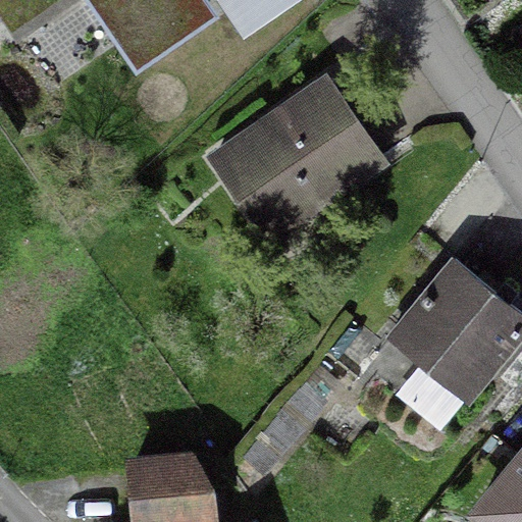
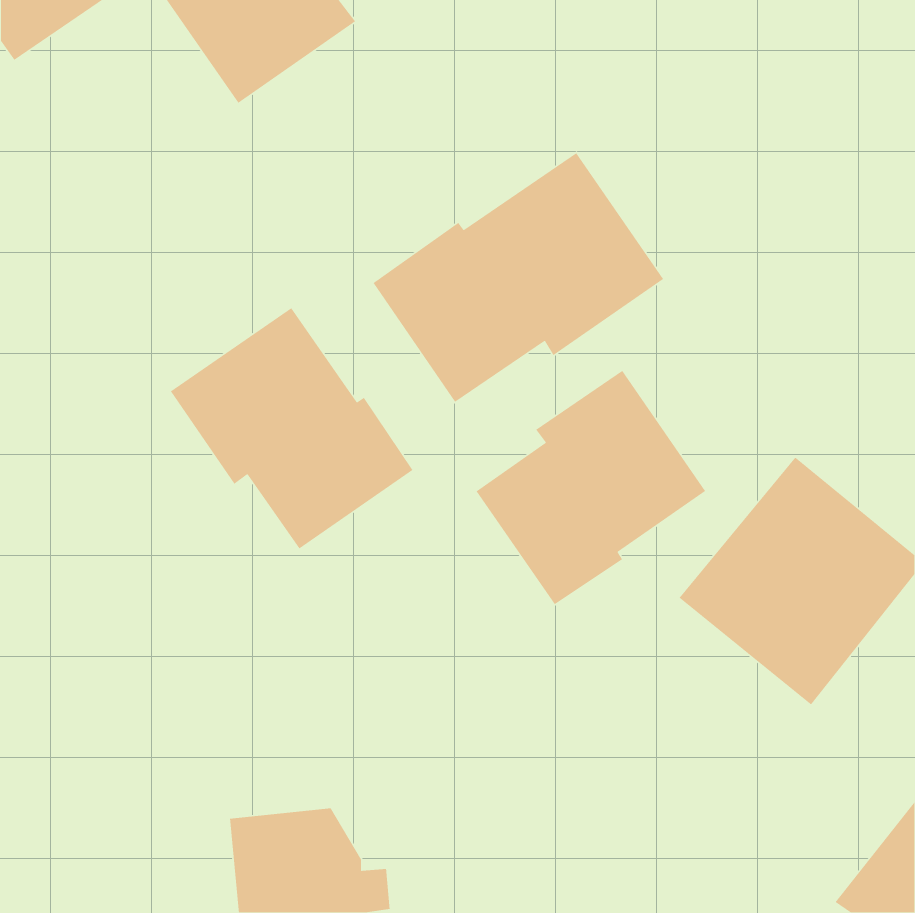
building: none -> [170,307,414,550]
building: none -> [475,370,706,605]

